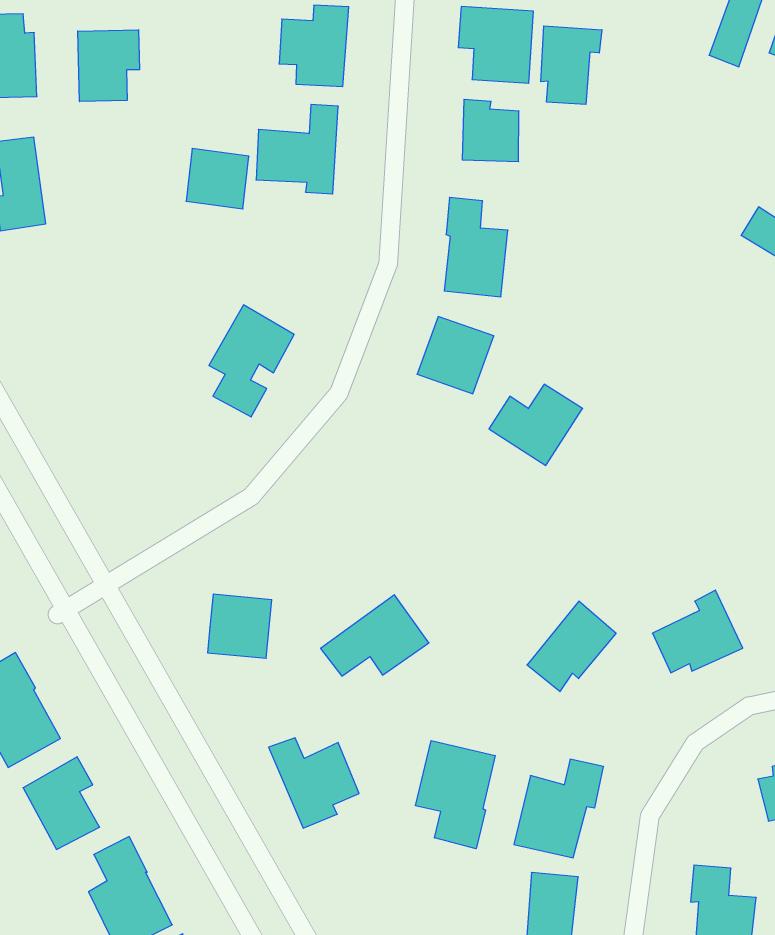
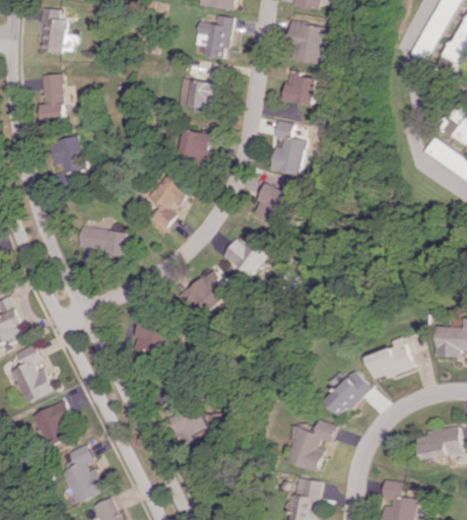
building: [541,26,602,104] -> none
building: [78,30,140,102] -> none
building: [186,149,249,209] -> [176,129,210,162]
building: none -> [49,136,87,186]
building: [489,384,583,466] -> [222,234,272,276]
building: none -> [75,226,126,254]
building: [321,595,429,676] -> [176,269,232,311]
building: [527,601,616,692] -> [323,370,371,416]
building: [416,741,495,849] -> none

